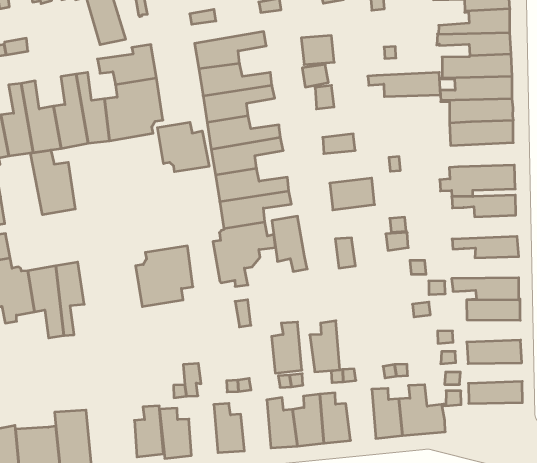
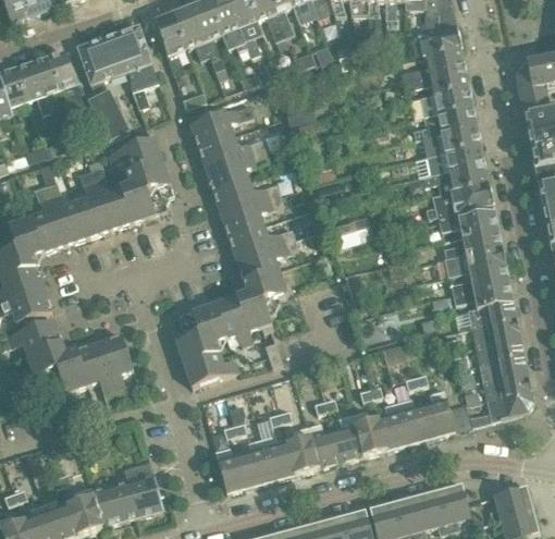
building: [368,72,440,97] -> [422,163,489,193]
building: [157,122,209,172] -> none
building: [30,150,75,215] -> none
building: none -> [444,226,502,257]
building: [272,216,307,271] -> [214,295,252,344]
building: none -> [449,262,509,292]
building: none -> [184,351,237,387]
building: none -> [470,318,520,345]
building: [310,321,340,372] -> [377,401,408,449]
building: [272,322,302,373] -> [286,426,318,474]
building: none -> [478,355,528,381]
building: none -> [466,390,533,427]
building: [134,406,164,457] -> [242,438,272,486]

